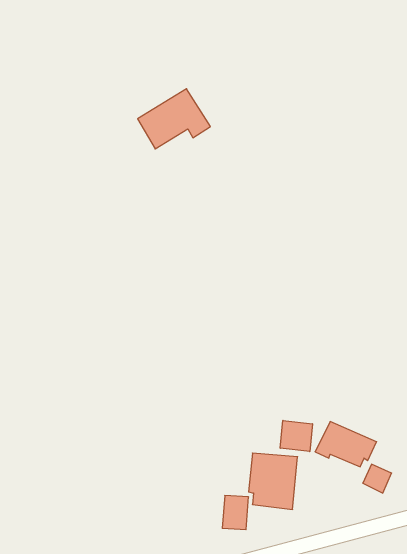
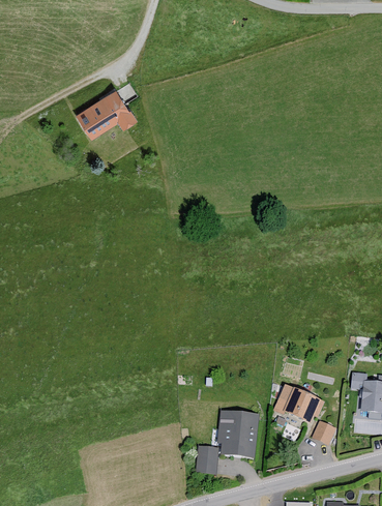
building: [138,89,210,149] -> [76,87,136,137]
building: [280,420,312,452] -> none

